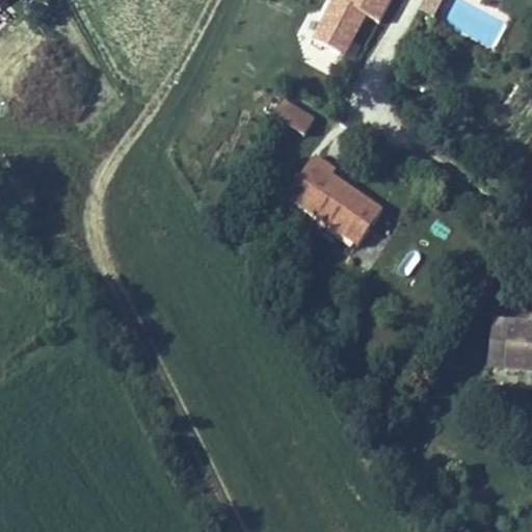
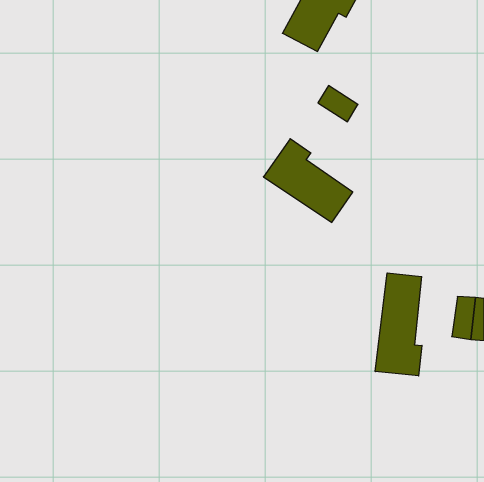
building: [270,92,314,132] -> [318,86,358,122]
building: none -> [375,273,422,376]

